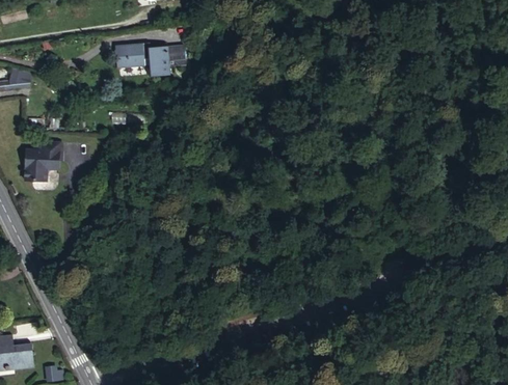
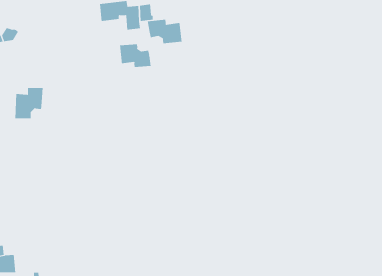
building: none -> [147,19,182,44]
building: none -> [120,43,151,68]

